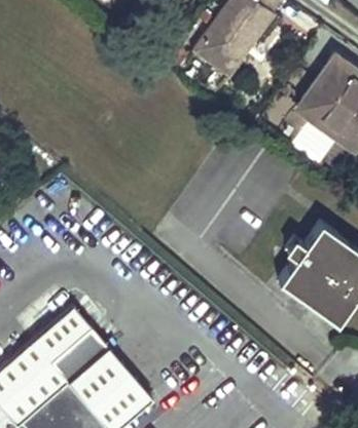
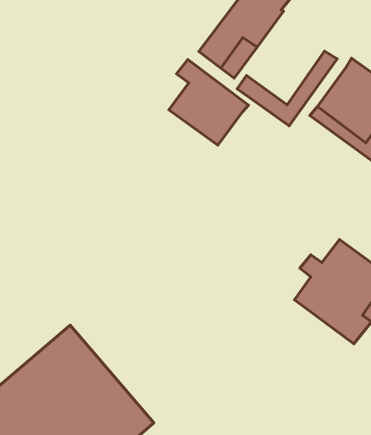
building: none -> [237,51,337,126]
building: none -> [169,60,248,145]

